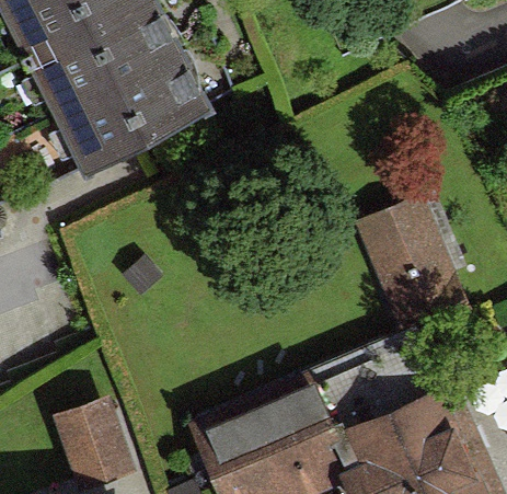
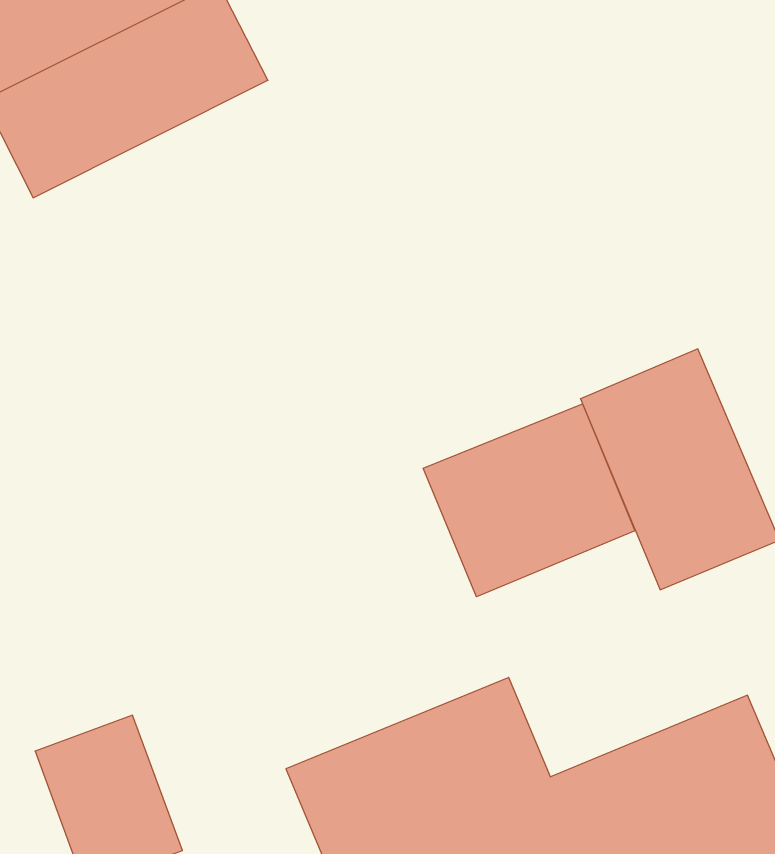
building: [55,48,211,168] -> none
building: none -> [423,404,635,597]

